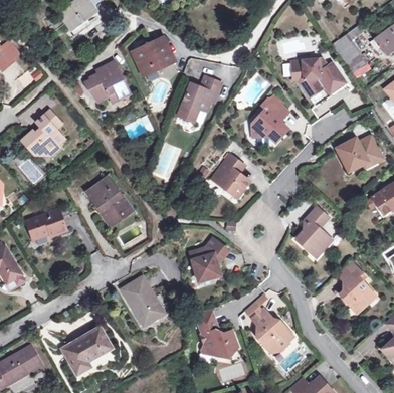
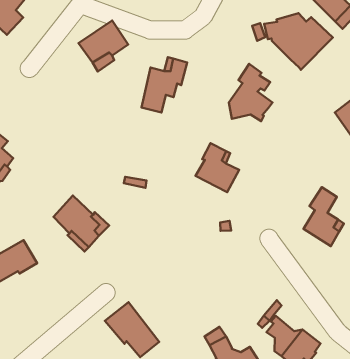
building: [82,63,126,105] -> none
building: [190,238,227,281] -> none

